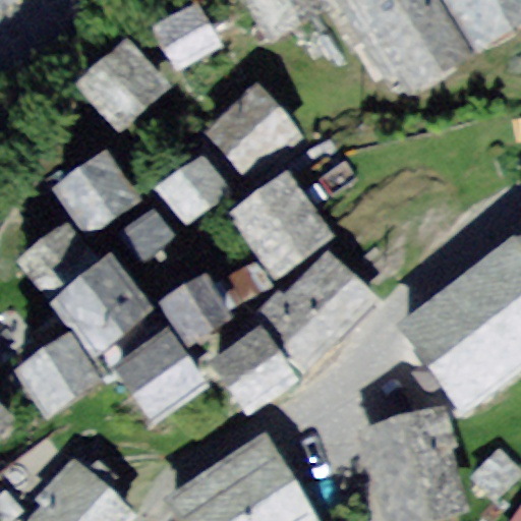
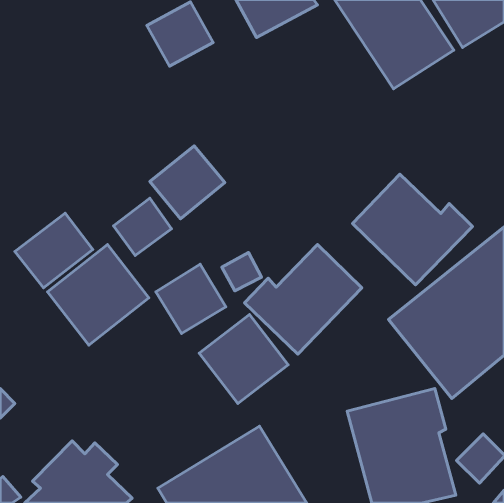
building: [74,37,170,131] -> none
building: [201,82,303,183] -> none
building: [53,149,141,236] -> none
building: [226,168,335,279] -> none
building: none -> [352,174,473,285]
building: [110,328,207,423] -> none
building: [13,331,102,418] -> none

